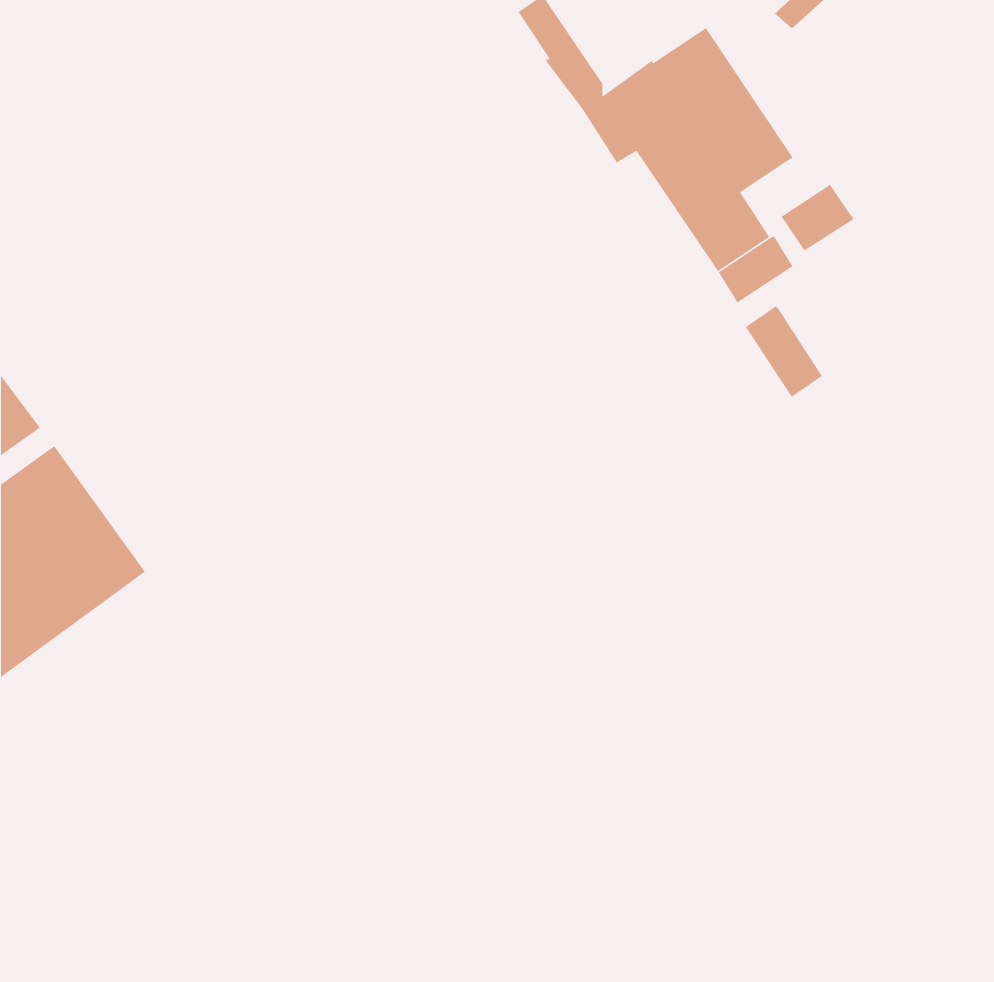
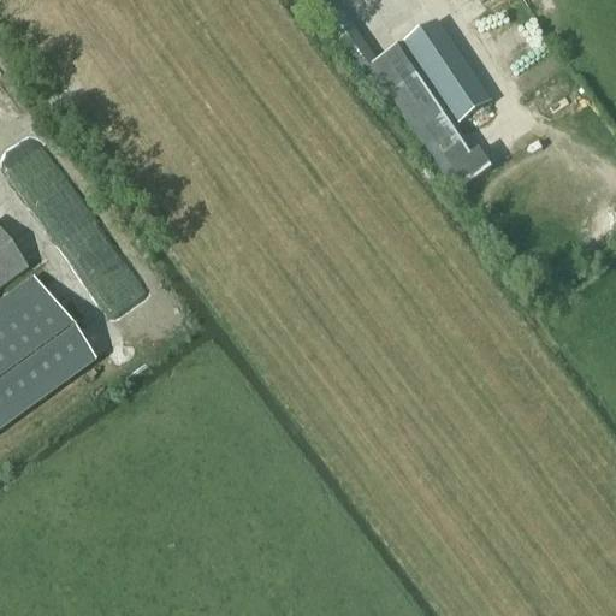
building: [780,184,854,252] -> none
building: [745,305,823,398] -> none

